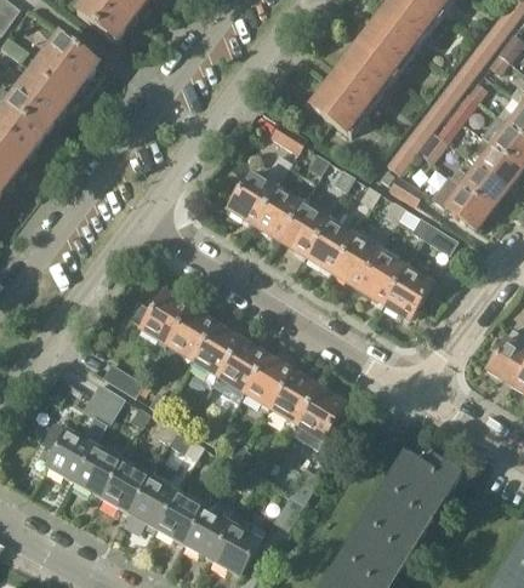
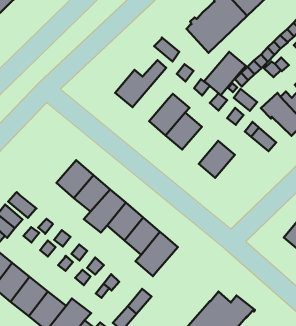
building: [254,188,301,239] -> none
building: [330,226,383,286] -> [204,52,246,95]
building: [381,267,431,319] -> none
building: [131,292,188,342] -> none

